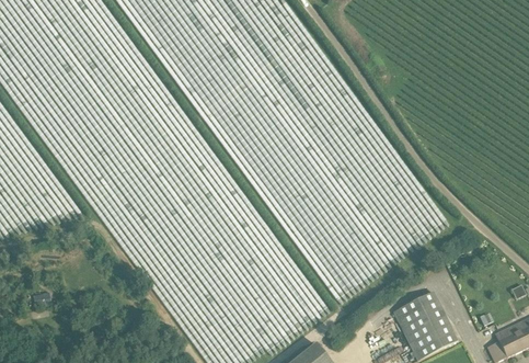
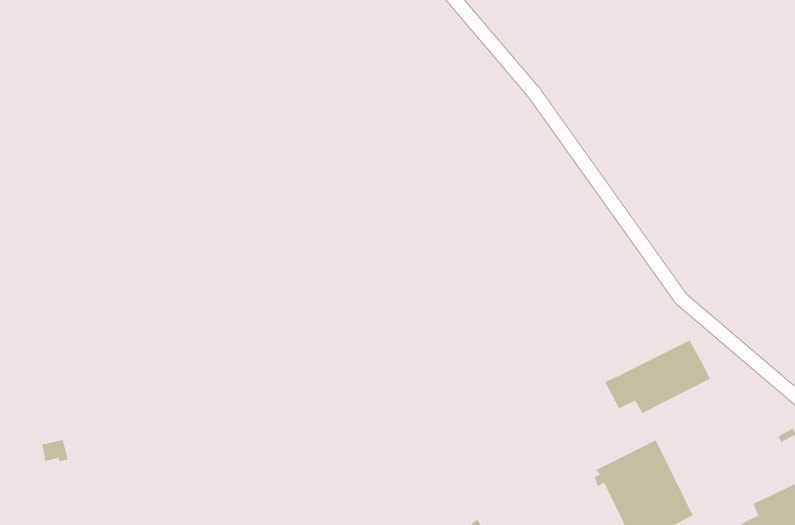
building: none -> [605,339,711,414]

